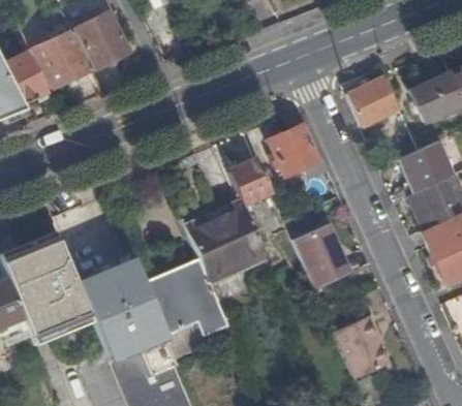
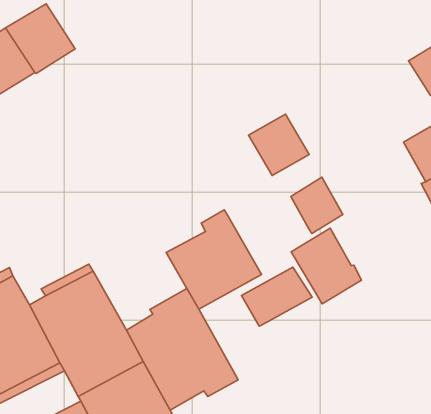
building: [345,76,397,126] -> none
building: [227,158,270,205] -> [291,177,343,233]
building: none -> [242,267,312,326]
building: [334,316,390,379] -> none

